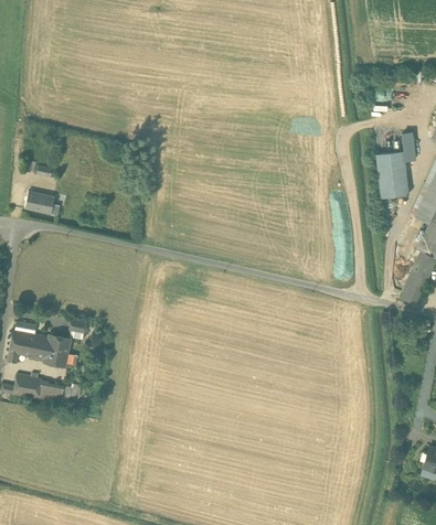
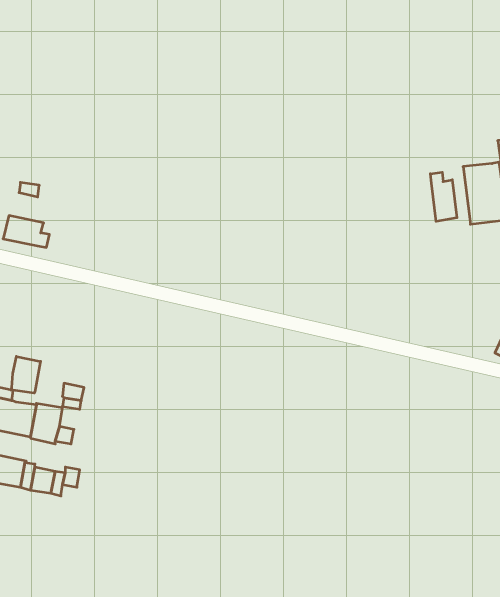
building: none -> [430,172,457,221]
building: none -> [11,356,41,393]

